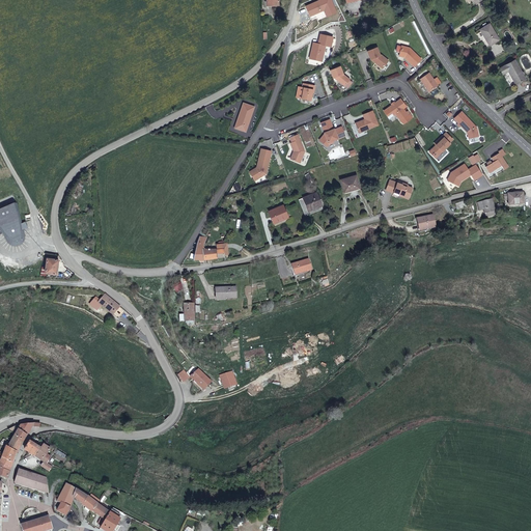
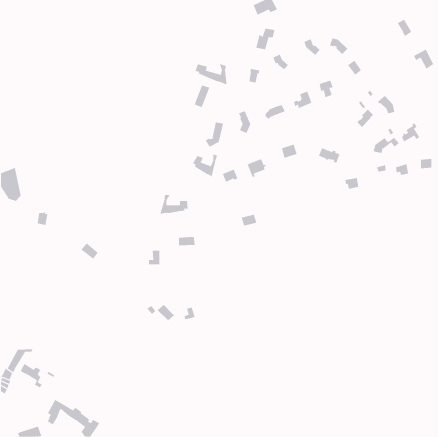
building: none -> [195,63,227,86]
building: none -> [192,154,218,178]
building: [13,468,48,492] -> none

